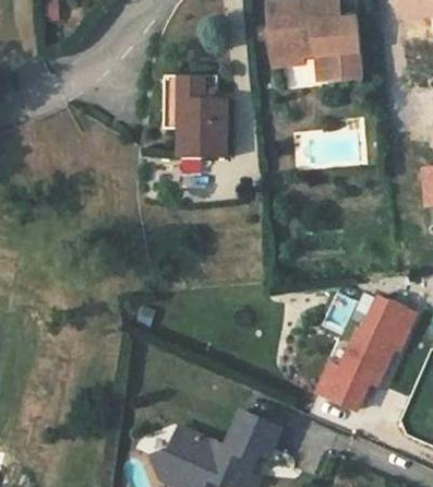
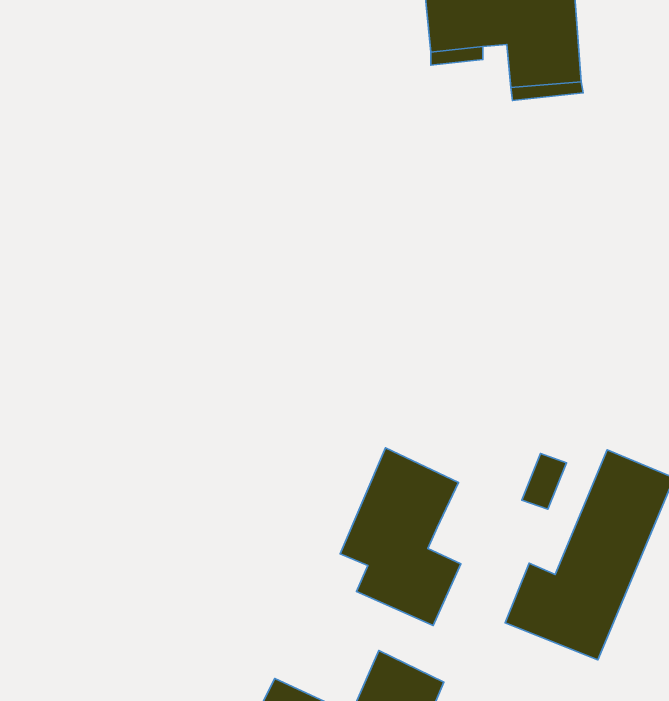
building: [179,75,226,157] -> none
building: none -> [340,448,461,626]

